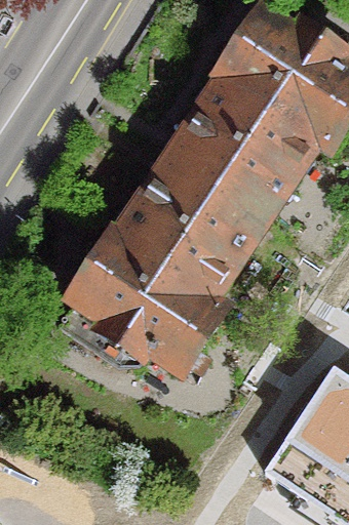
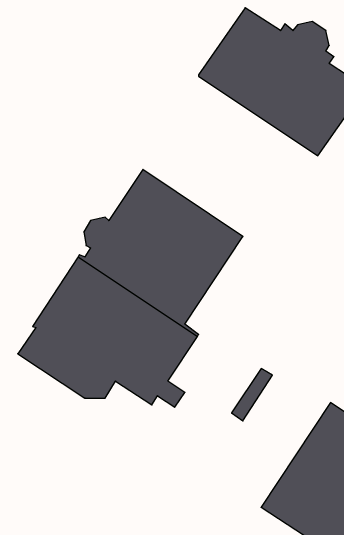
building: [166,76,324,220] -> none

